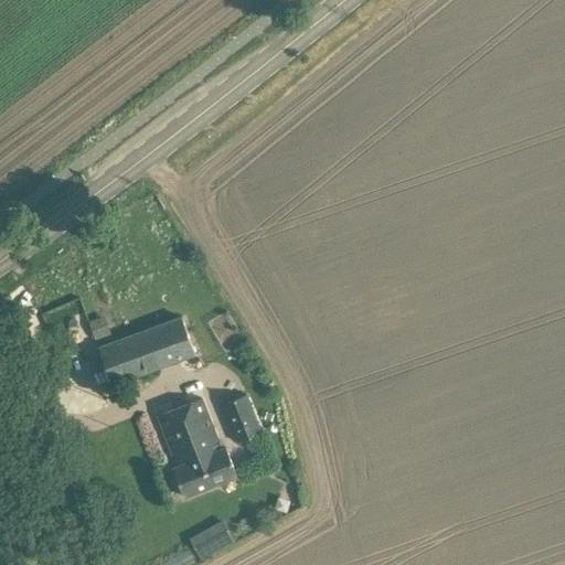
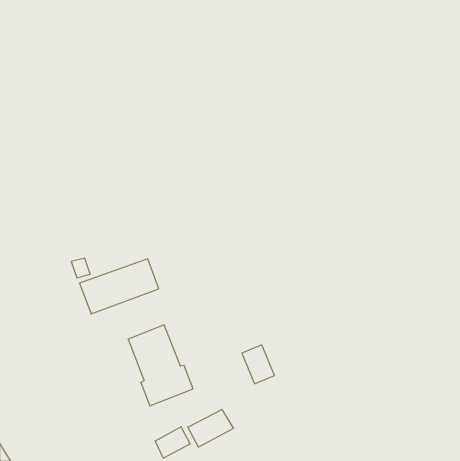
building: [221,394,260,441] -> [242,345,274,384]
building: none -> [188,409,233,447]

